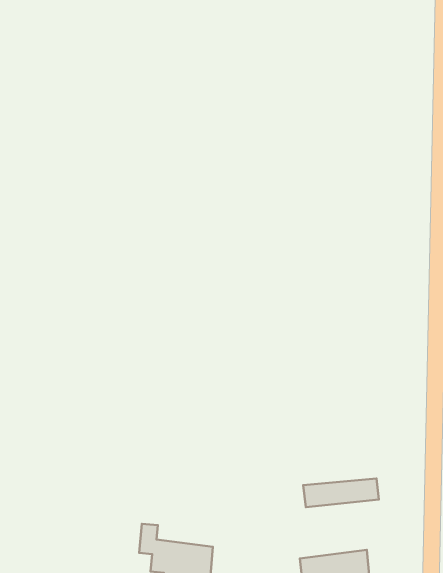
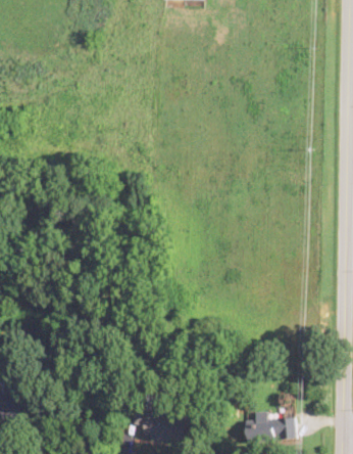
building: [303,478,379,507] -> none

